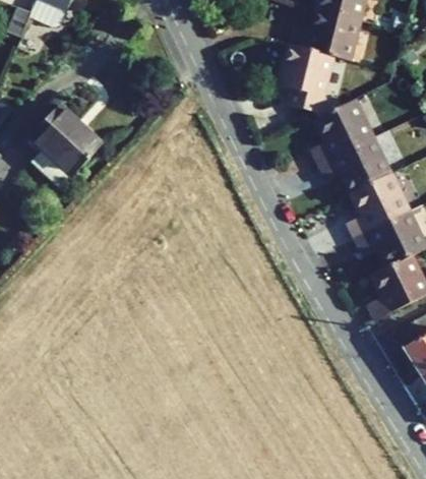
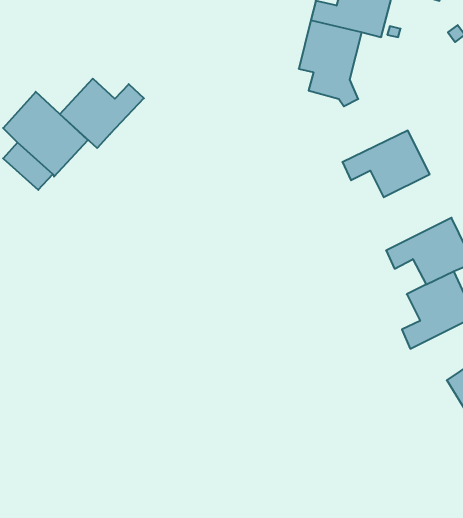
building: none -> [60,79,144,148]
building: [311,98,373,162] -> none
building: [347,172,410,236] -> none

